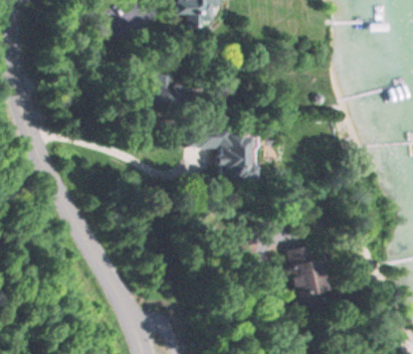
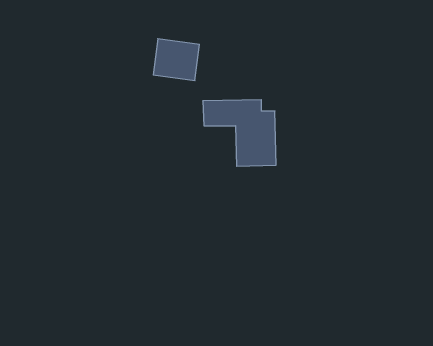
building: [288,246,335,310] -> none

